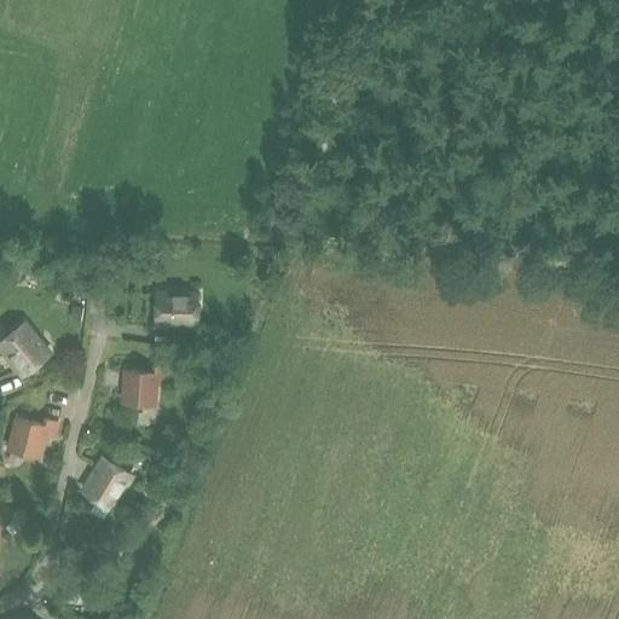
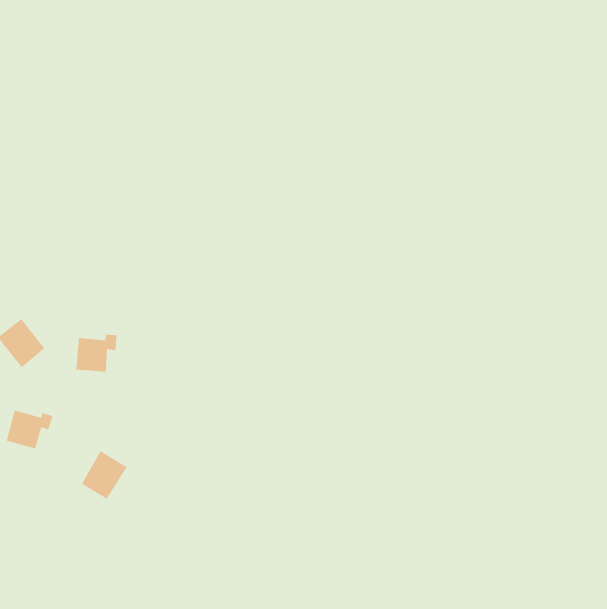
building: [155,293,195,325] -> none
building: [121,365,163,404] -> [76,334,117,372]

